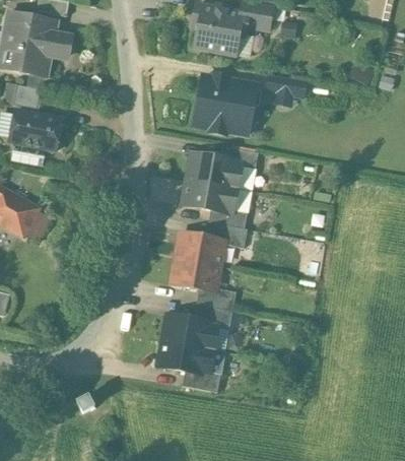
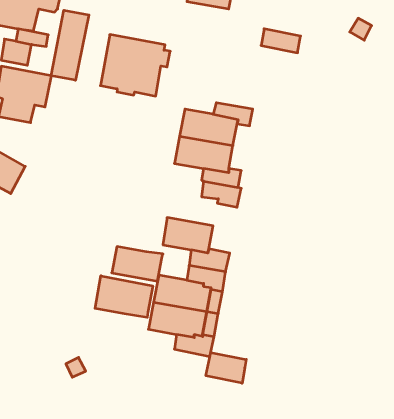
building: none -> [51,10,89,80]
building: [193,74,261,134] -> [100,35,170,96]
building: [175,232,224,265] -> [112,247,163,281]
building: none -> [95,276,153,317]
building: none -> [206,353,246,383]

